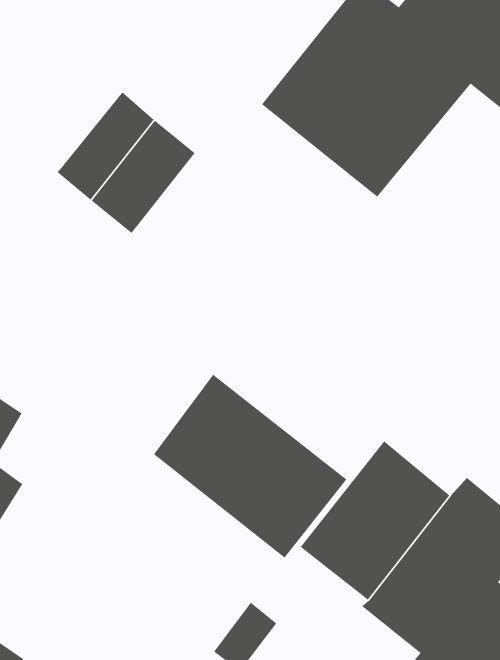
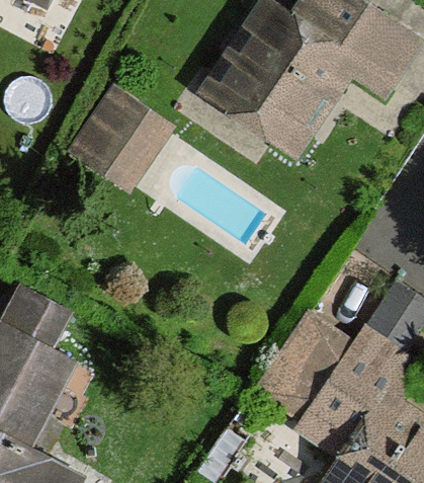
building: [153,374,347,558] -> none

